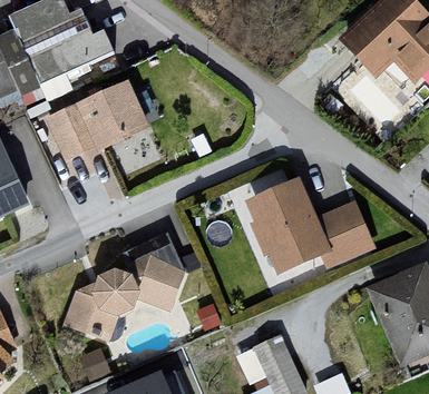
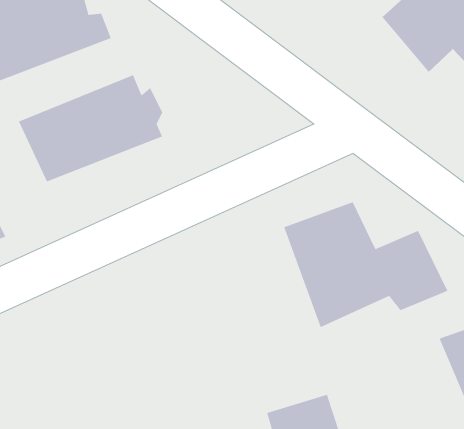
building: [66,244,188,341] -> none

